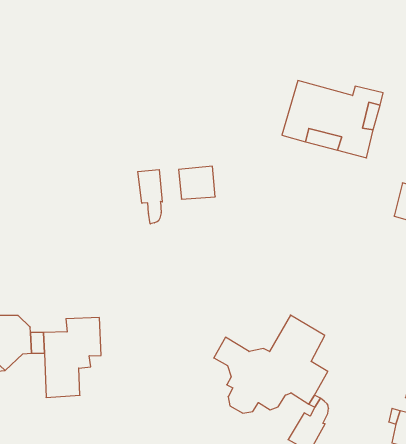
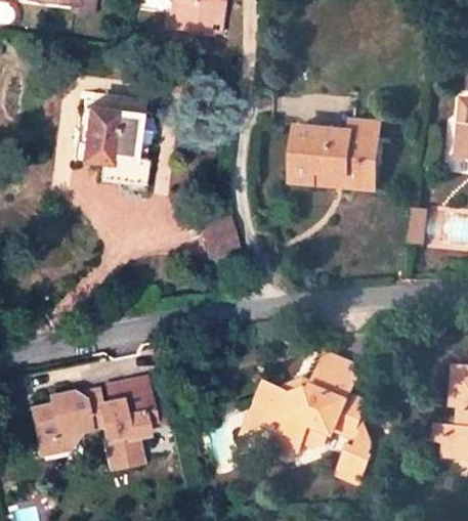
building: none -> [77,93,152,185]
building: [138,170,162,224] -> none
building: none -> [248,402,282,445]

